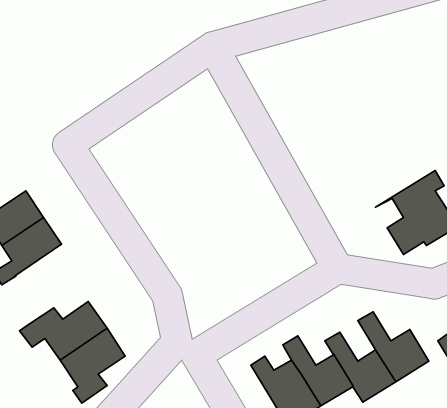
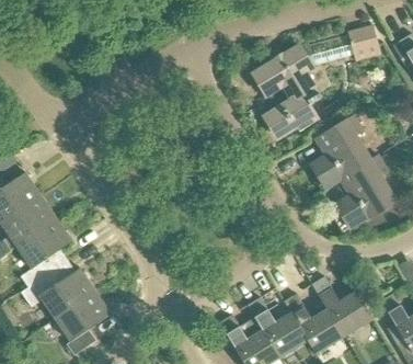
building: none -> [255,24,381,136]
building: none -> [313,114,379,185]
building: none -> [16,217,73,286]

